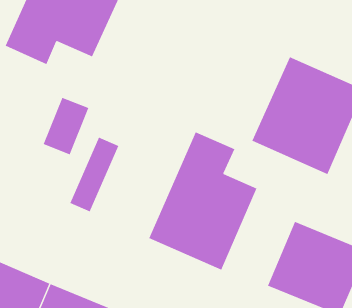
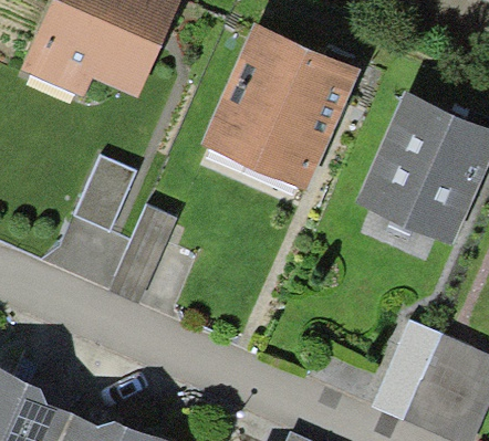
building: none -> [205,31,365,199]
building: [149,132,257,271] -> none

